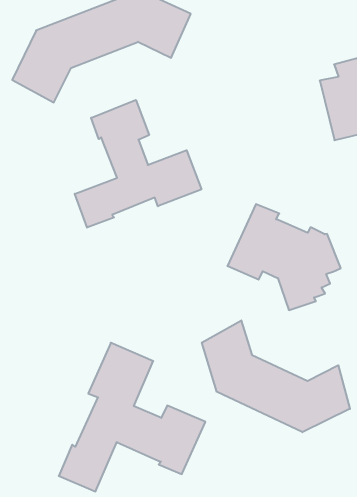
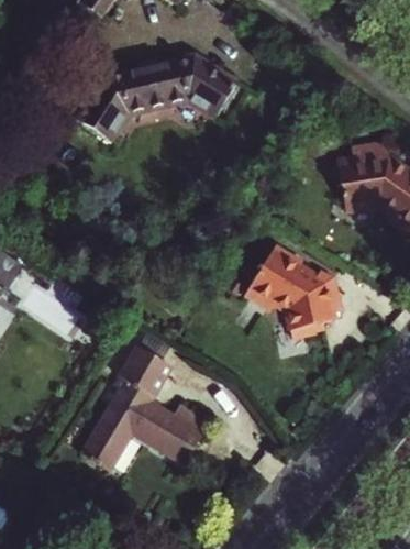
building: [75,100,201,228] -> none
building: [202,320,350,432] -> none

